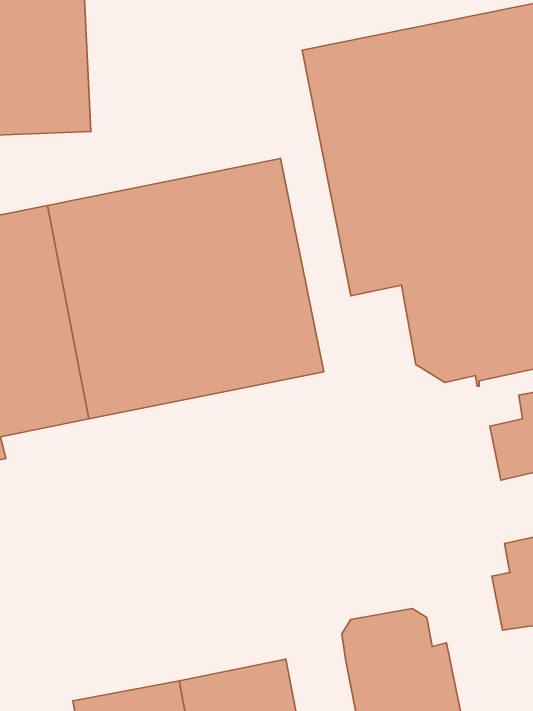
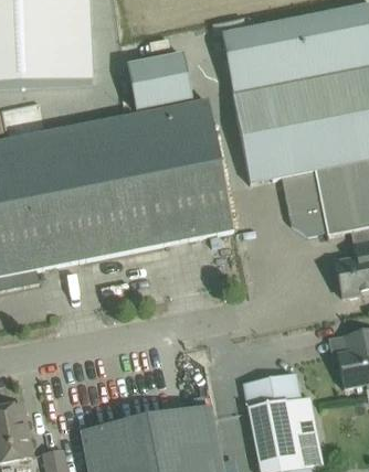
building: none -> [126,51,192,110]

